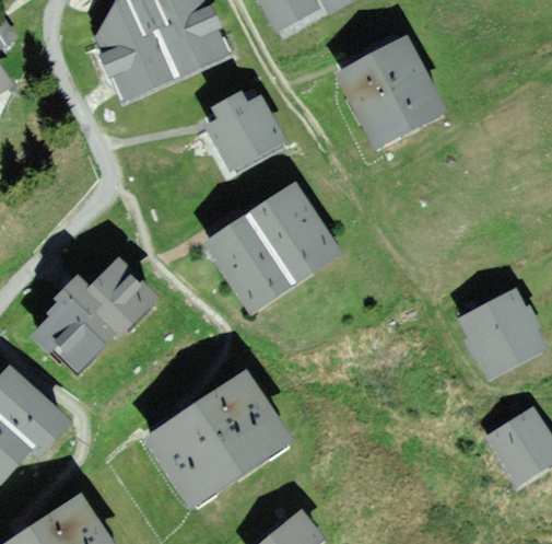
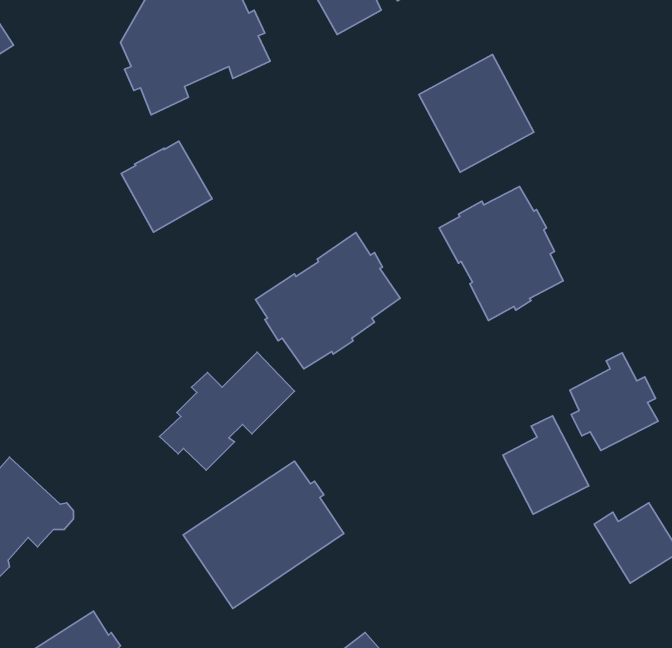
building: [205,92,280,166] -> [121,141,212,232]
building: none -> [439,186,563,320]
building: [39,267,150,363] -> [159,352,295,470]
building: none -> [503,416,589,514]

